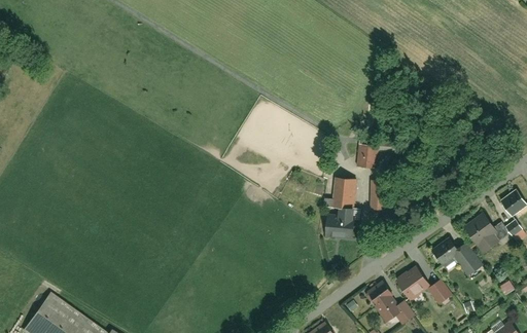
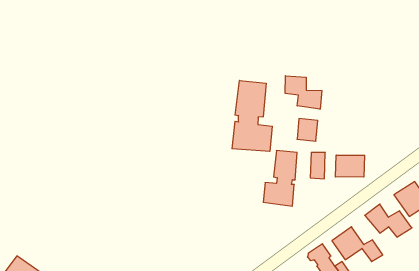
building: none -> [285,76,322,109]
building: none -> [232,80,272,151]
building: none -> [335,155,365,177]

